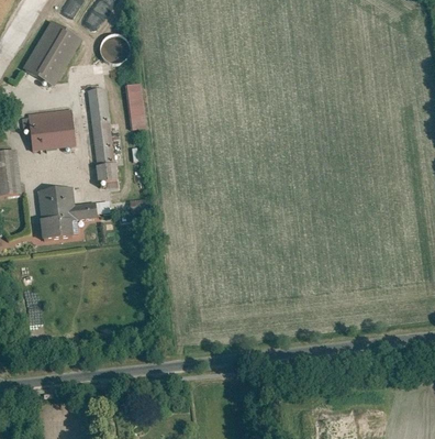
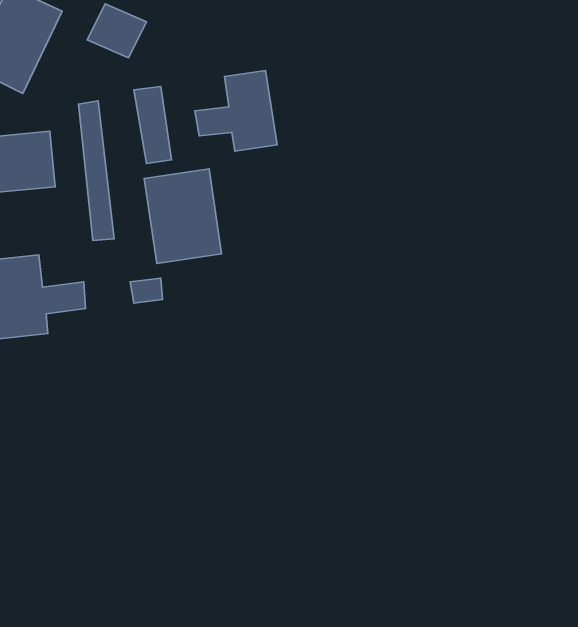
building: none -> [195,71,277,151]
building: none -> [144,169,222,263]

